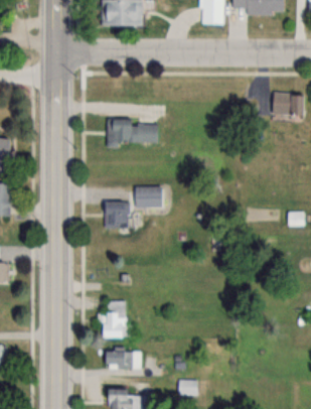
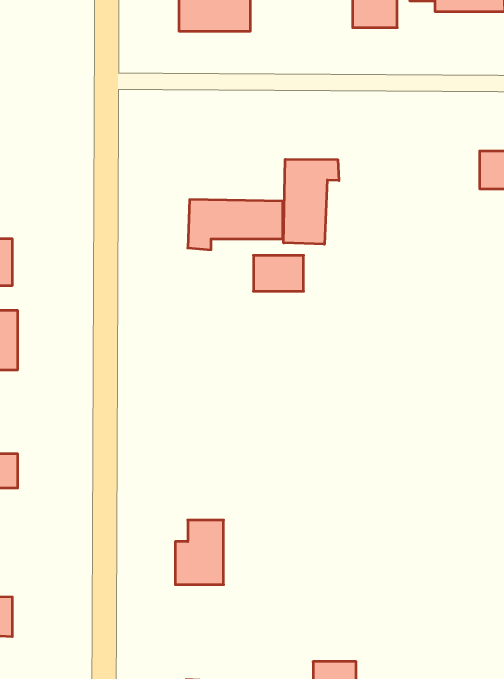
building: none -> [284,159,339,244]
building: [134,187,162,208] -> [253,255,304,291]
building: [105,202,129,229] -> none
building: [105,352,140,368] -> none

